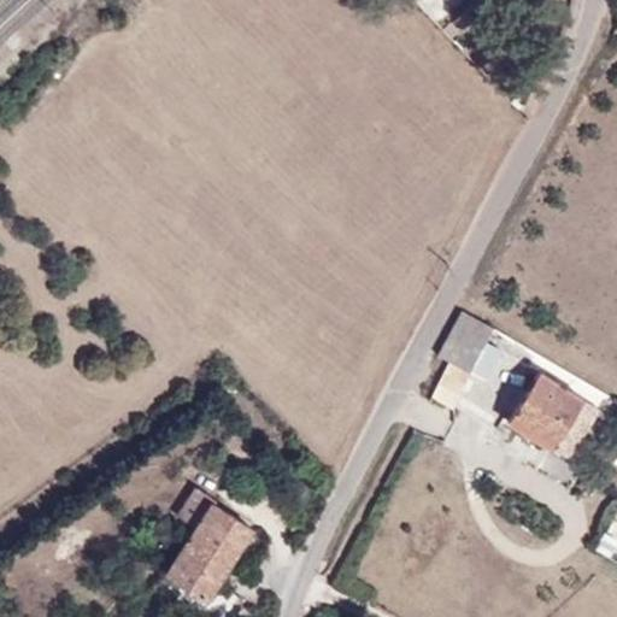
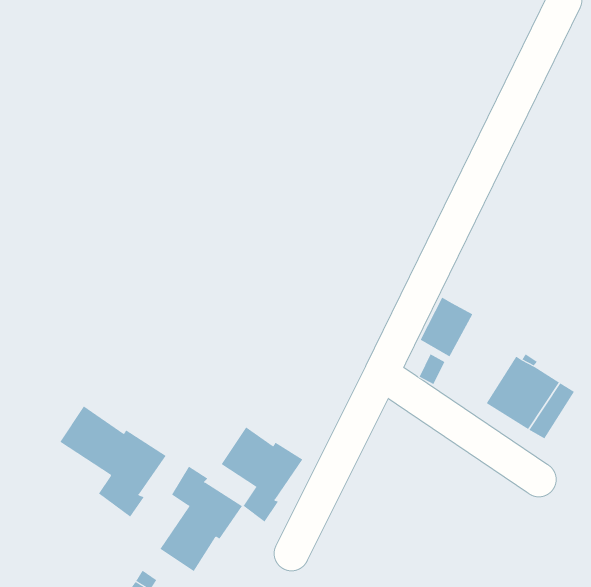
building: none -> [59,405,167,517]
building: none -> [221,426,303,523]

